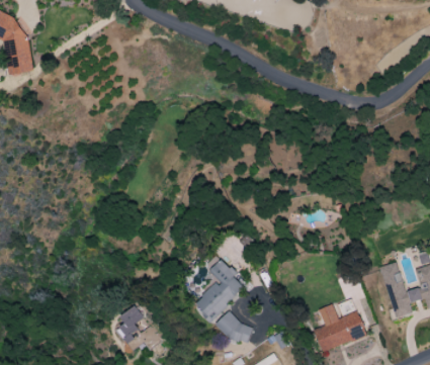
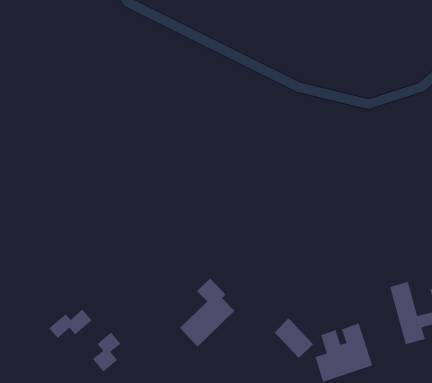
building: none -> [48,309,92,339]
building: [217,309,252,346] -> [274,318,314,359]

